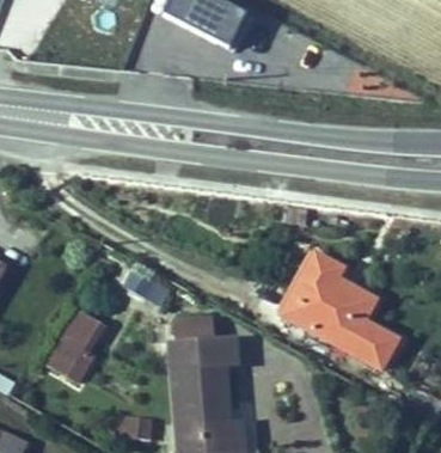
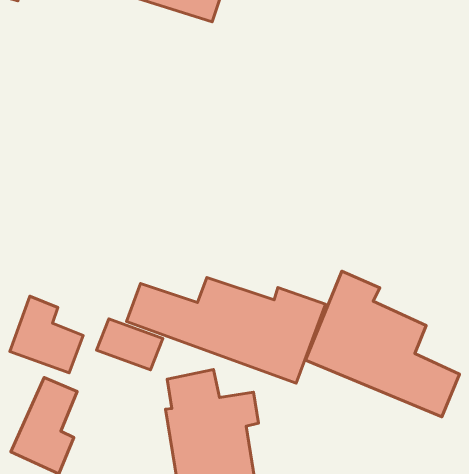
building: none -> [126,278,325,383]
building: none -> [10,296,83,373]

